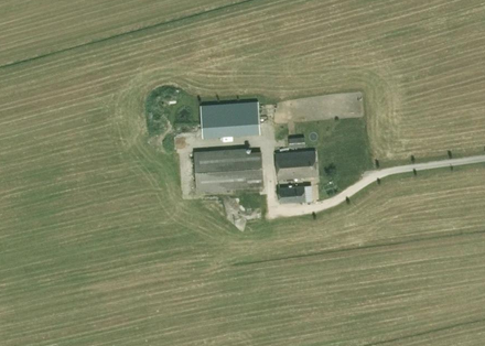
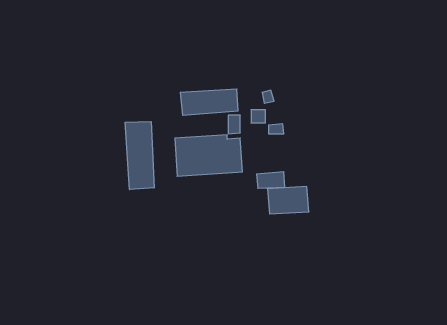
building: none -> [125,122,154,190]
building: [274,151,316,179] -> [267,187,309,214]

